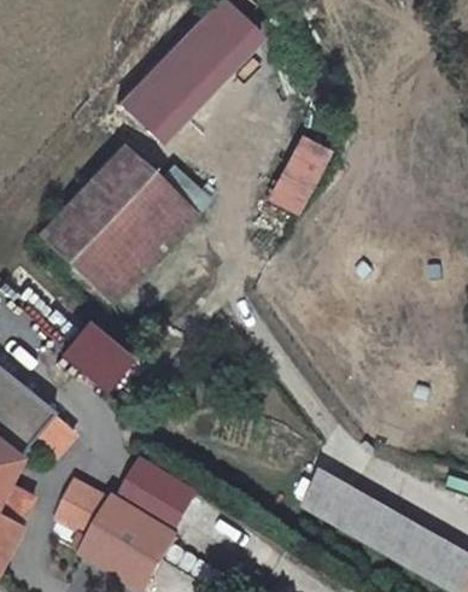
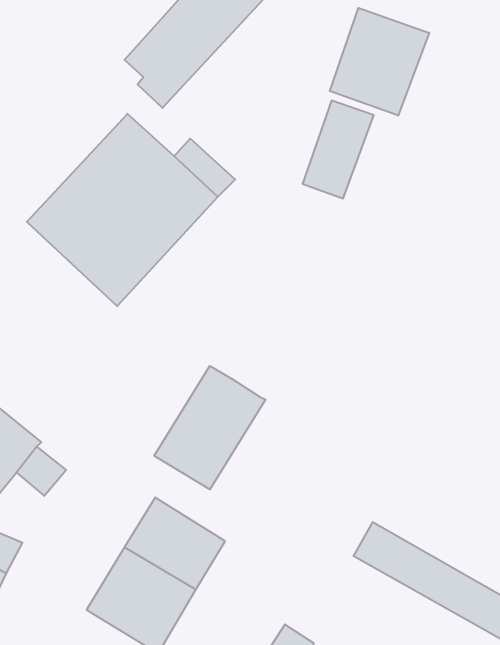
building: none -> [330,8,429,116]
building: [68,329,127,386] -> none
building: none -> [154,366,265,489]
building: [62,479,122,555] -> none

